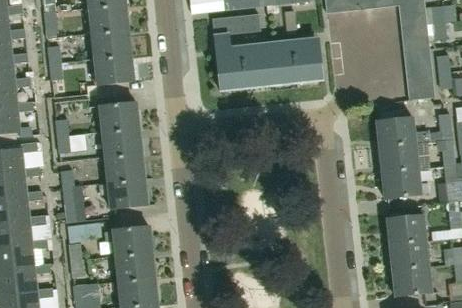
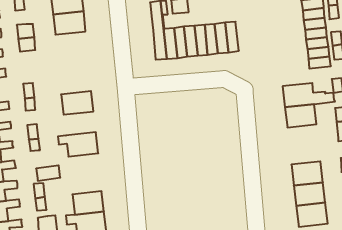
building: [95,55,135,86] -> none
building: [99,102,139,133] -> none
building: [105,154,145,184] -> none
building: [382,170,429,200] -> none
building: [104,227,152,257] -> none

